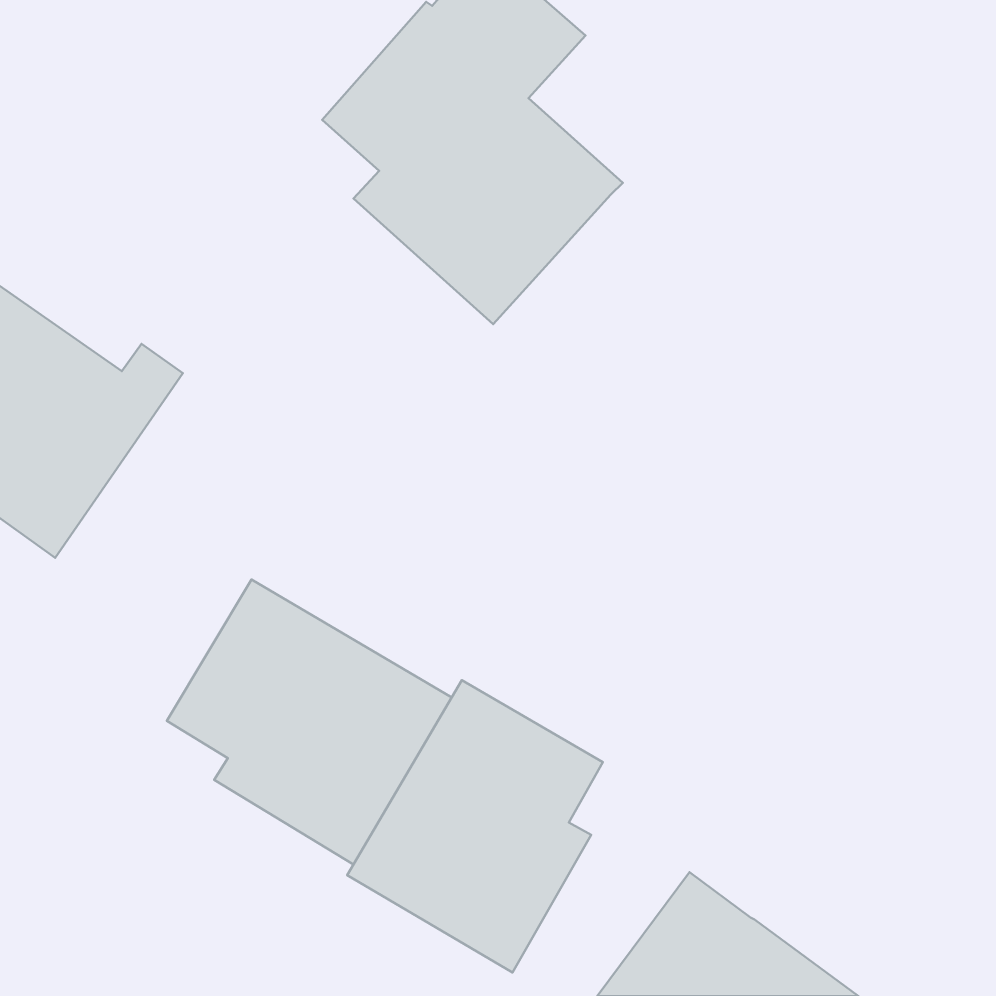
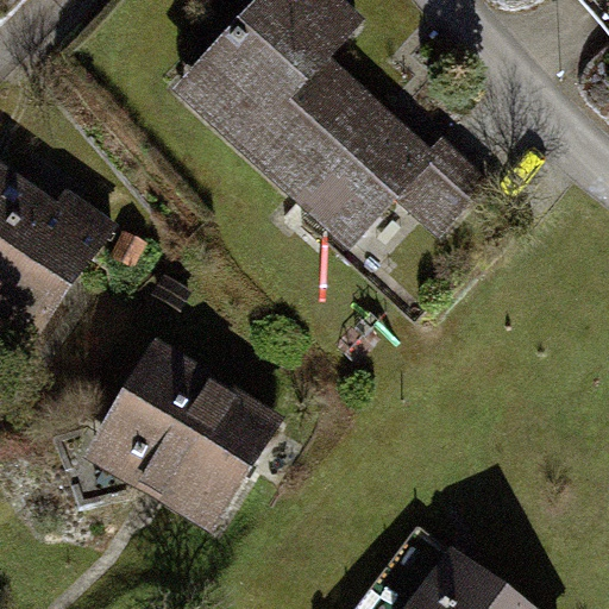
building: none -> [299,118,485,243]
building: [347,680,603,972] -> none

